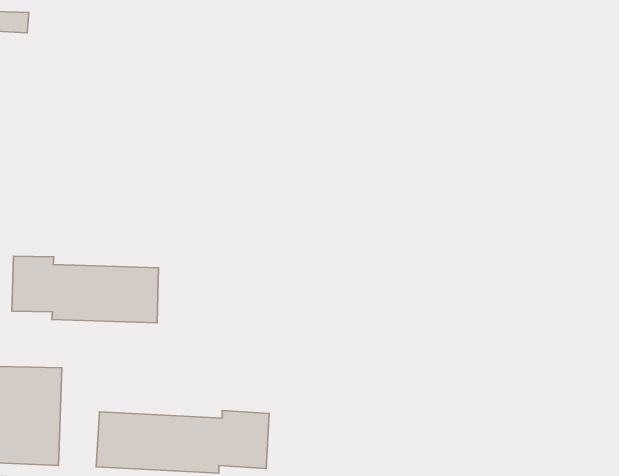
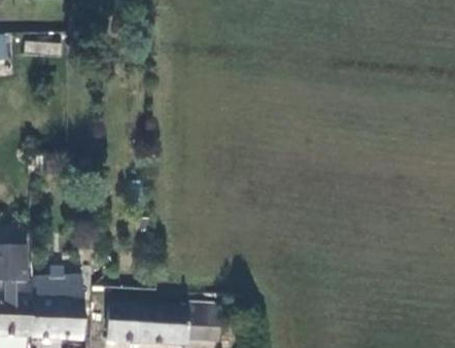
building: [12,256,159,323] -> none

